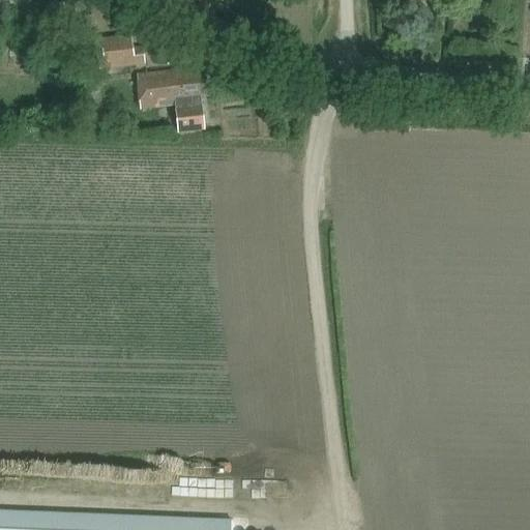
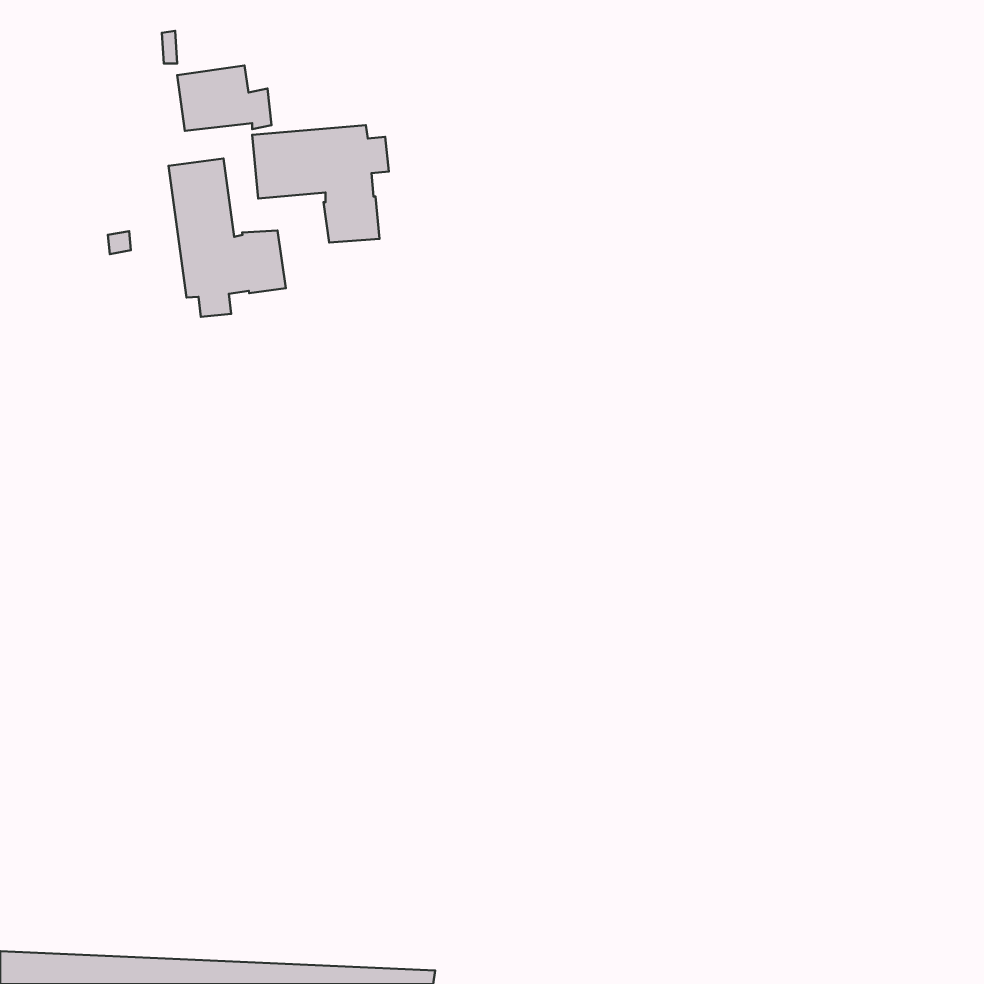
building: none -> [168,159,286,317]

